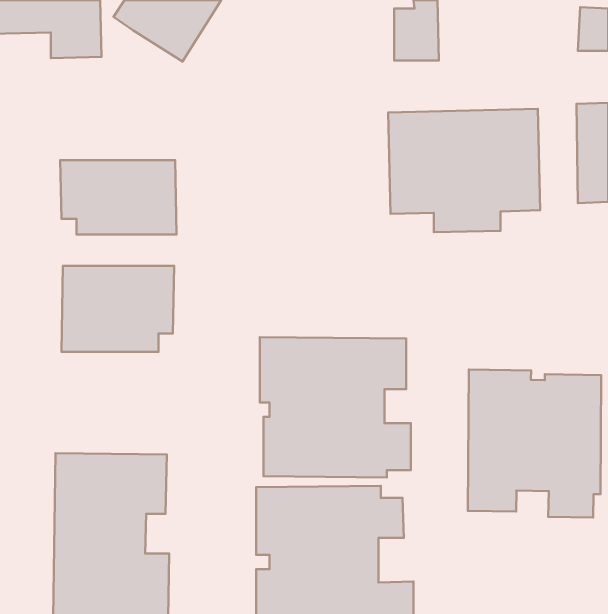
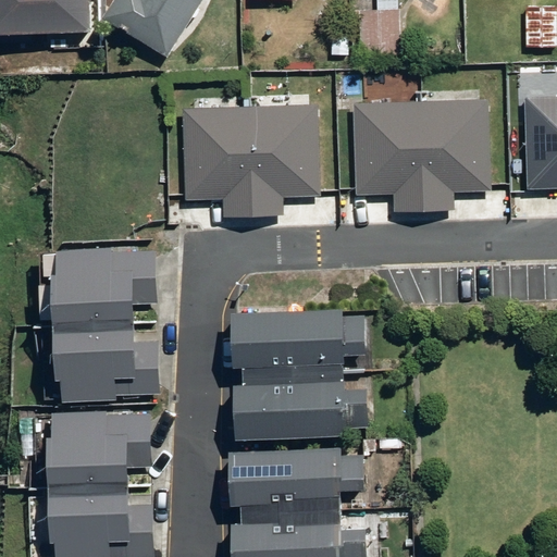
building: none -> [180,104,314,215]
building: [60,160,177,235] -> none
building: none -> [55,320,159,400]
building: [468,369,601,517] -> none

